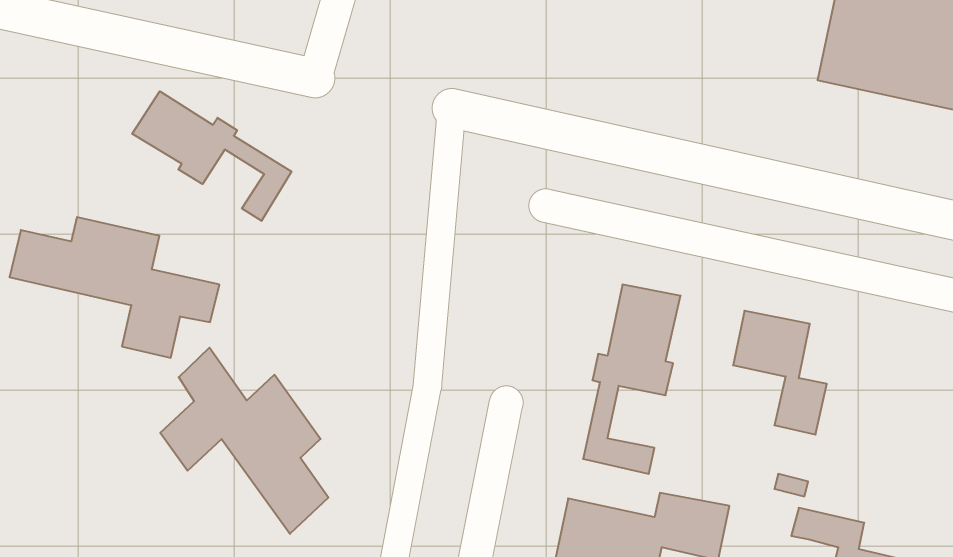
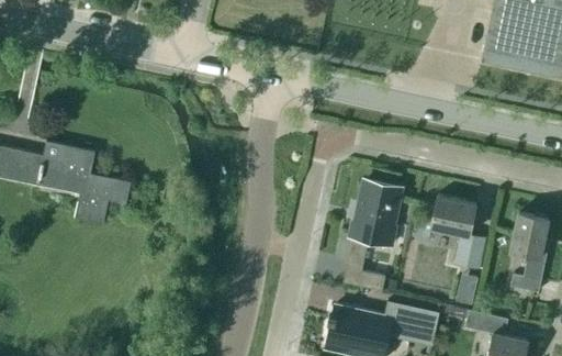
building: [132,91,292,221] -> none
building: none -> [510,213,549,292]
building: [160,348,328,534] -> none

